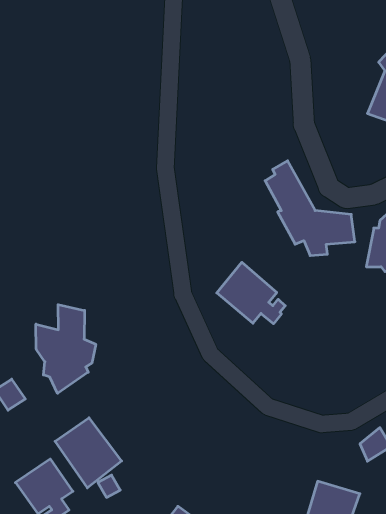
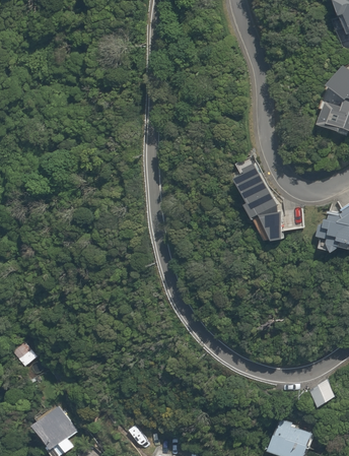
building: [217,262,285,324] -> none
building: [36,305,96,393] -> none
building: [55,418,122,488] -> none

